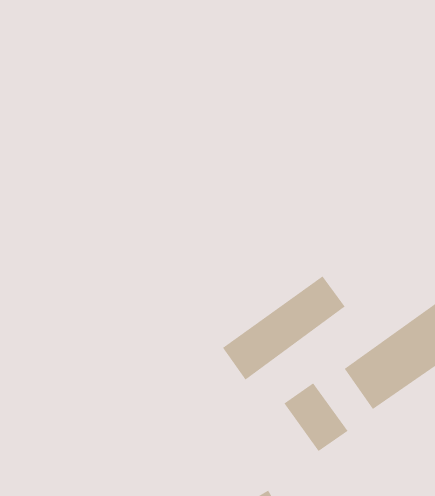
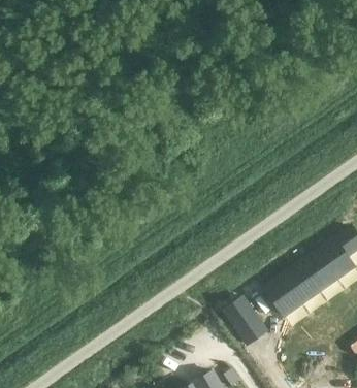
building: [222,275,345,380] -> none

